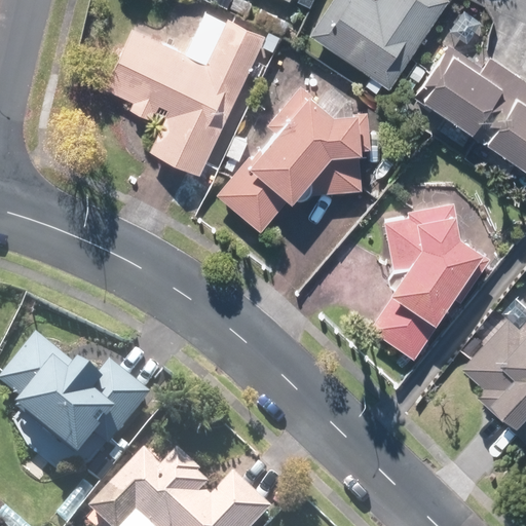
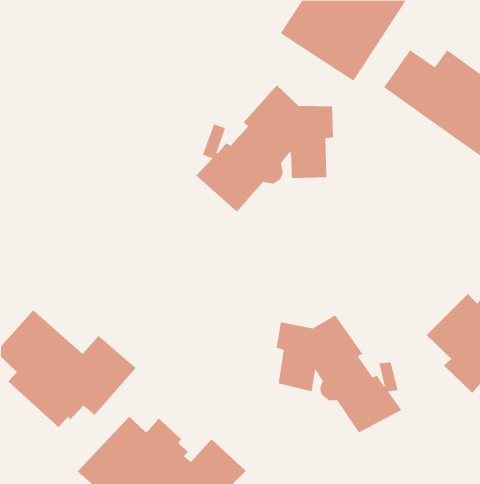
building: [105,12,265,175] -> none
building: [370,213,480,359] -> none
building: none -> [276,314,402,433]

